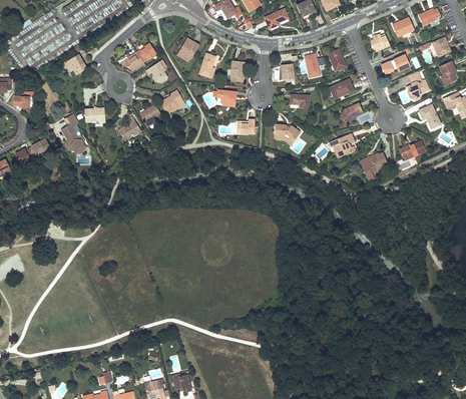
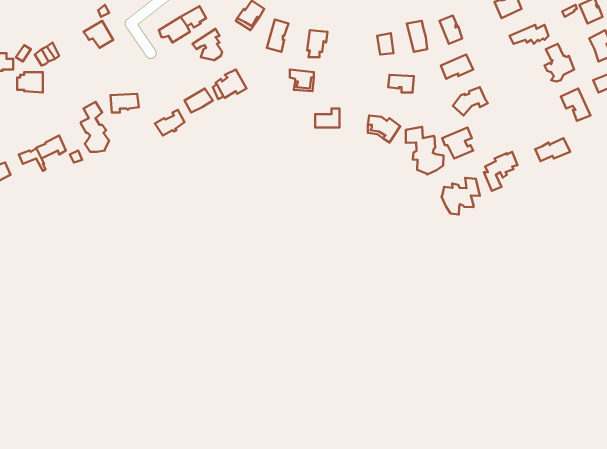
building: none -> [406,127,443,175]
building: none -> [441,178,480,215]

